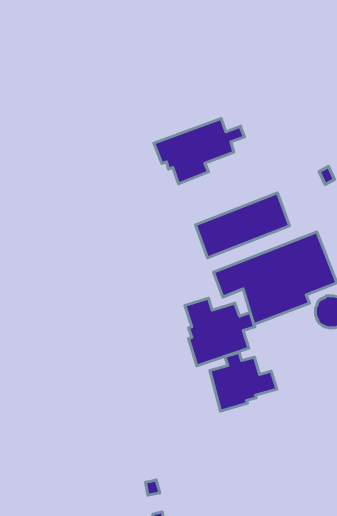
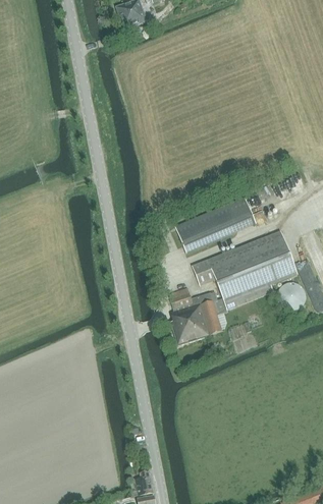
building: [154,118,244,184] -> none
building: [210,352,277,411] -> none

